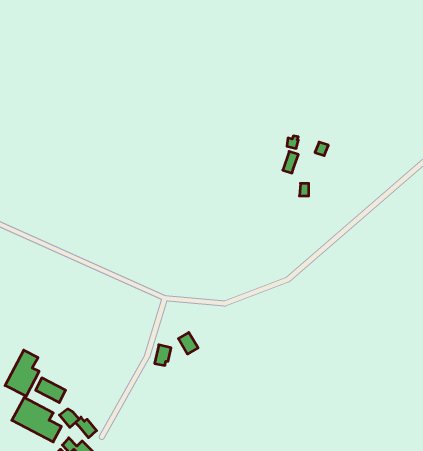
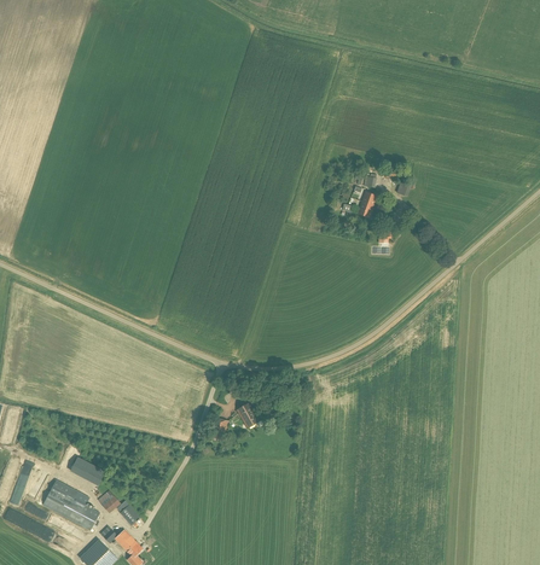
building: [5,350,39,396] -> none

